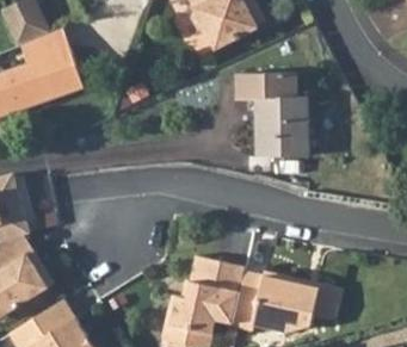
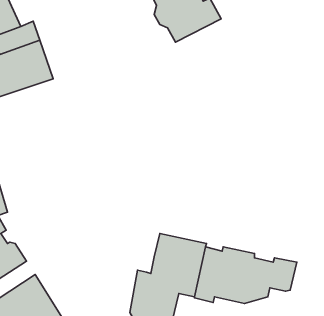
building: [236,76,306,160] -> none

